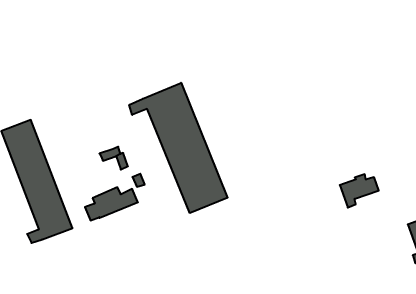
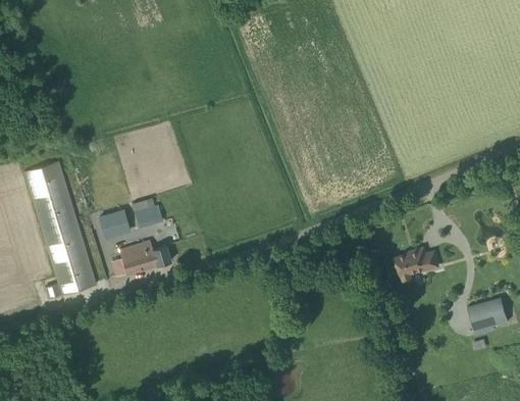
building: [129,83,228,213] -> none
building: none -> [100,214,129,237]

